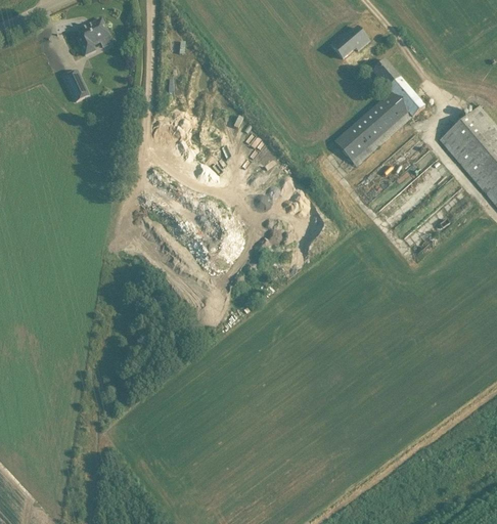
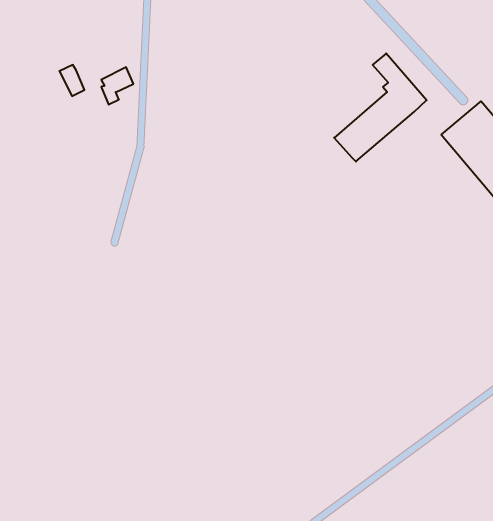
building: [77,18,108,55] -> [101,67,133,105]
building: [330,28,368,58] -> none

